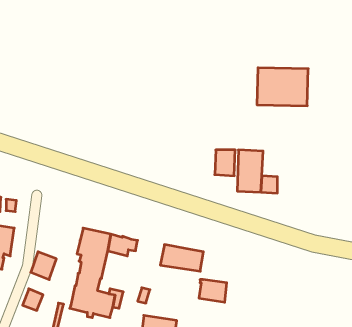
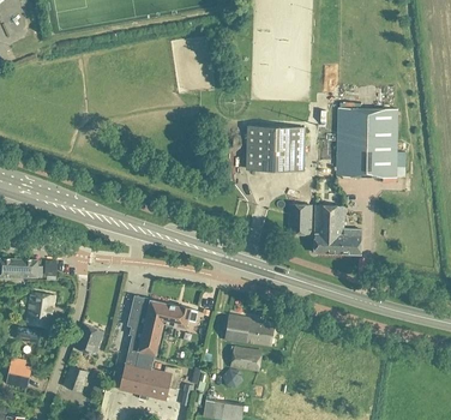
building: none -> [246,126,305,170]
building: none -> [336,151,396,176]
building: [199,280,227,302] -> [229,346,261,372]

